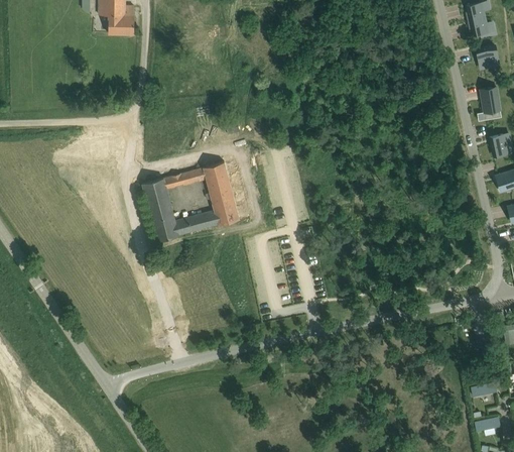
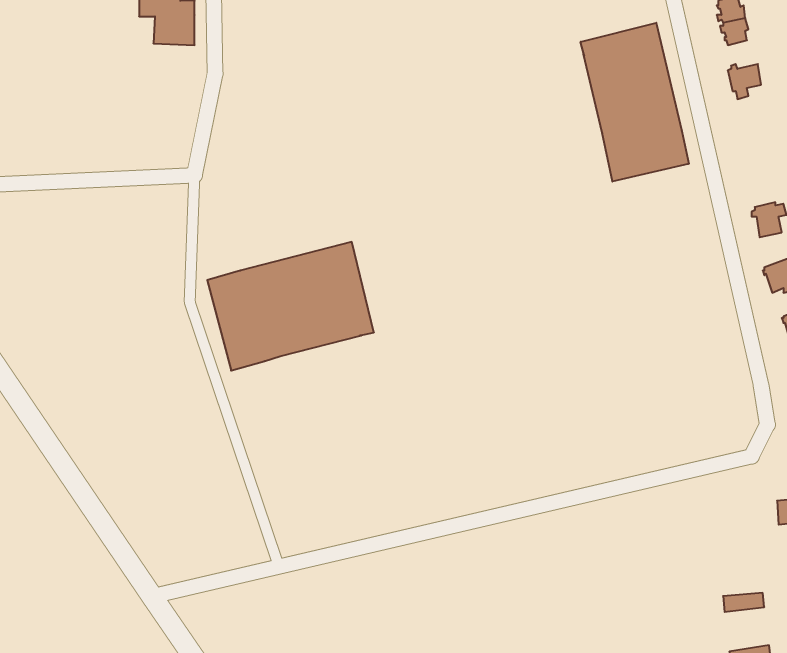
building: none -> [581,23,689,182]
building: [481,89,501,113] -> none

